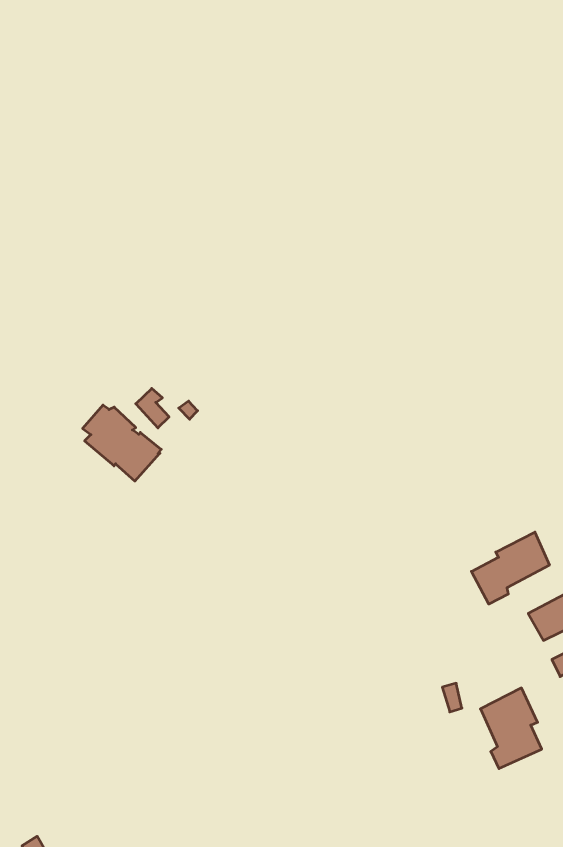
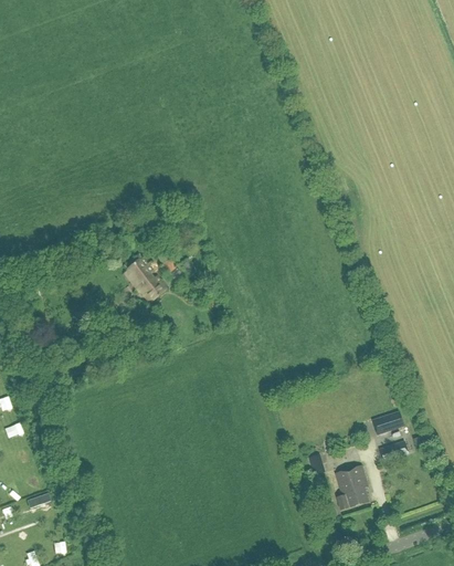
building: [471,532,549,604] -> none

